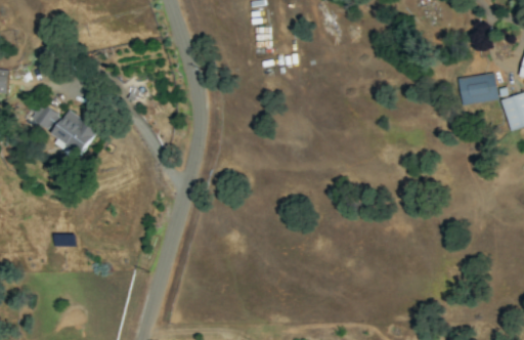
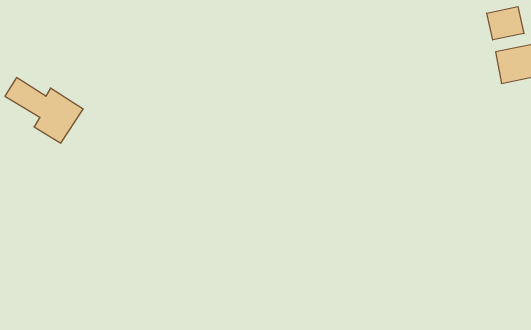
building: none -> [487,7,524,40]

